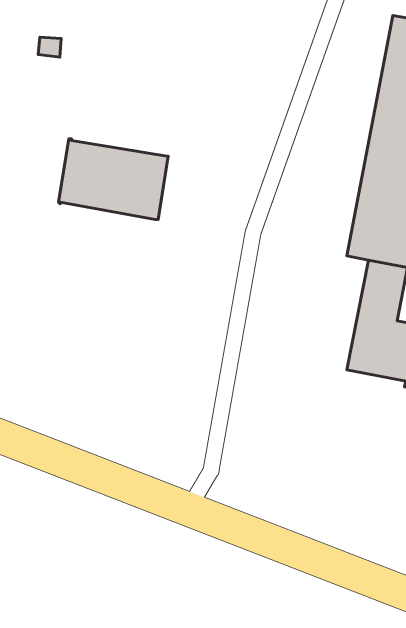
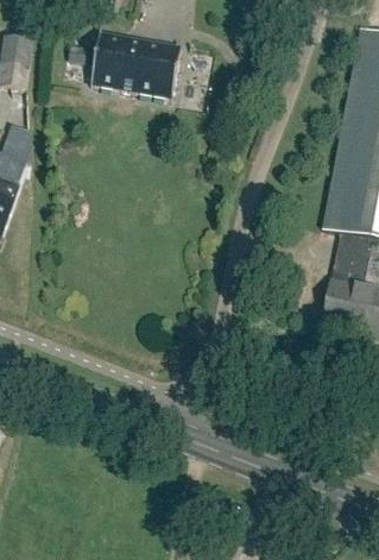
building: [59,139,168,220] -> [91,31,182,97]

